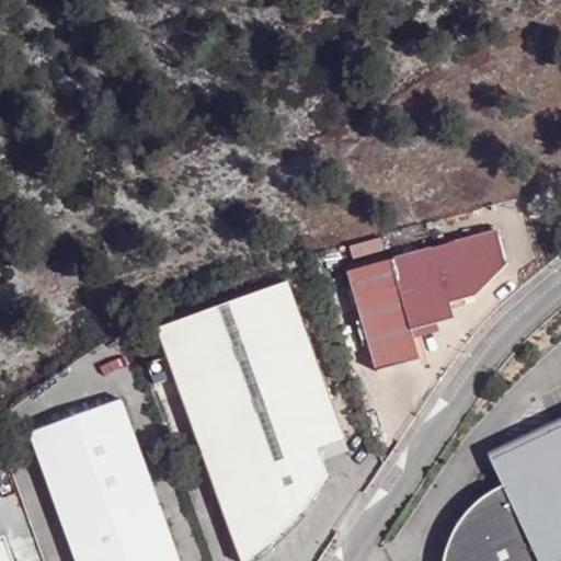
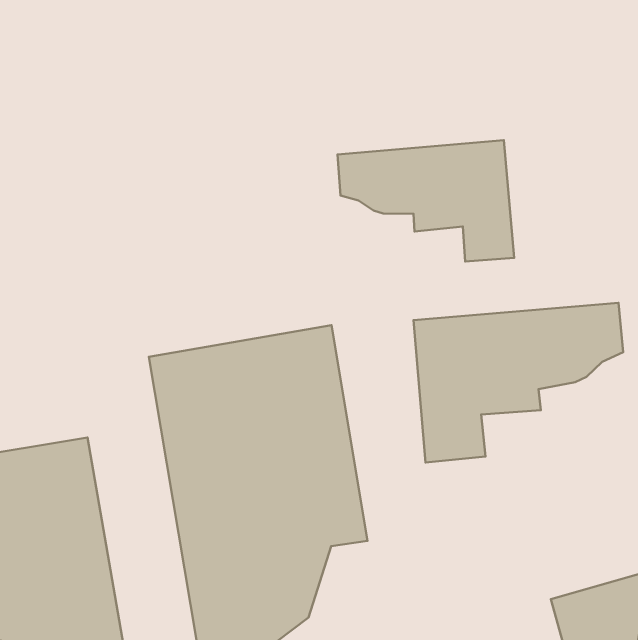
building: none -> [337,140,514,262]

